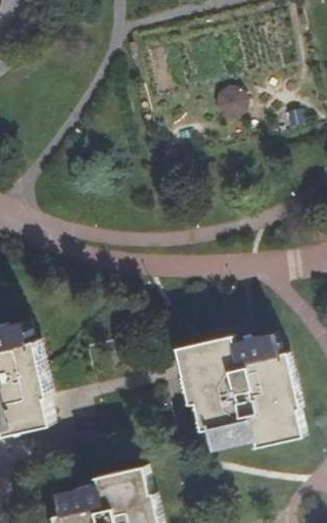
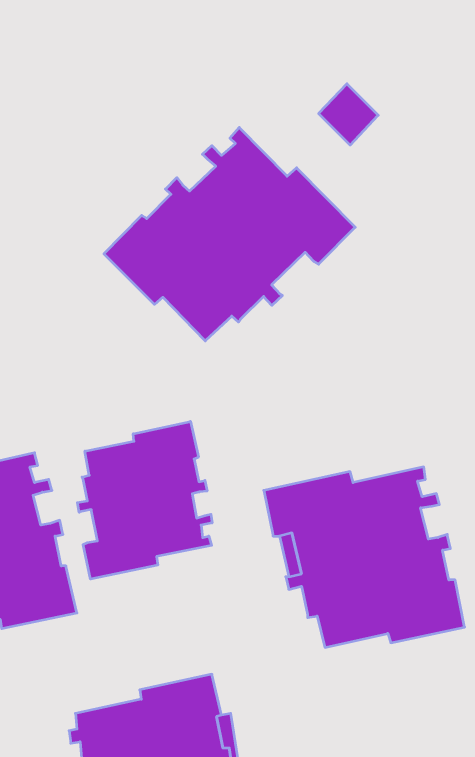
building: none -> [104,127,355,341]
building: none -> [77,421,212,579]

